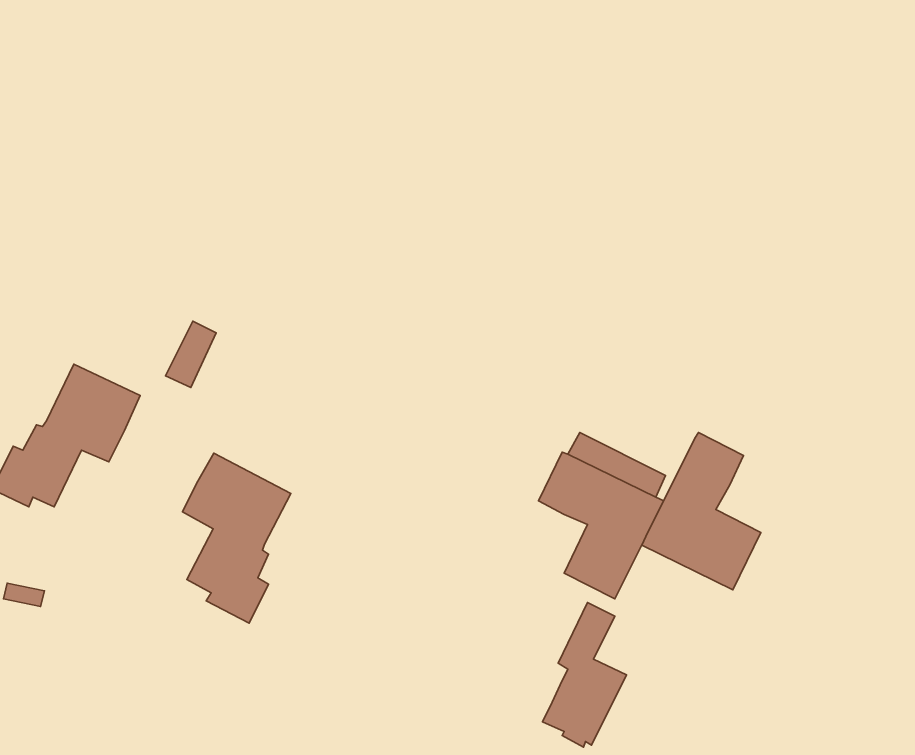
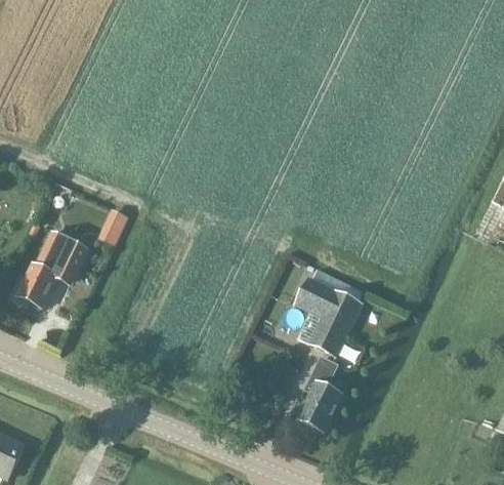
building: [642,432,761,590] -> none
building: [182,453,291,623] -> none

